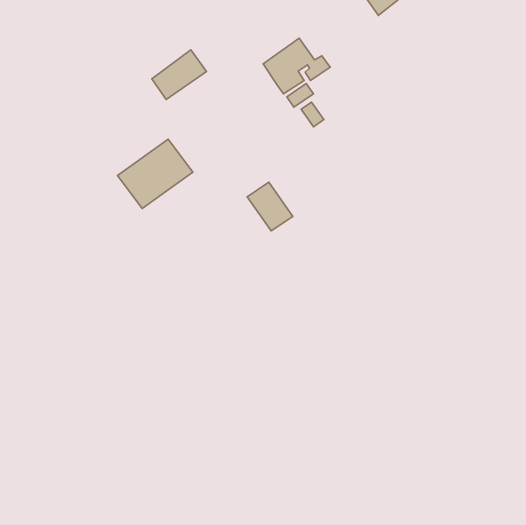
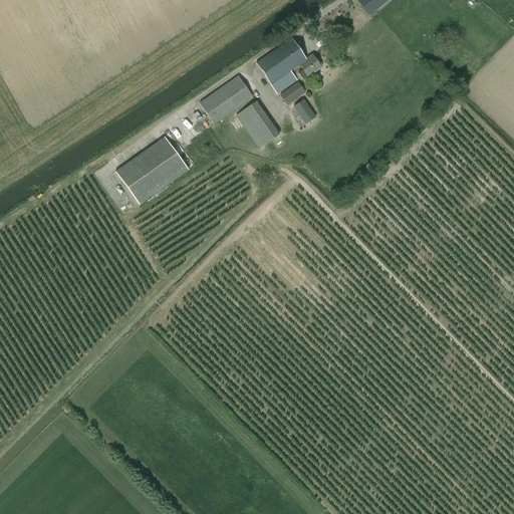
building: [152,50,206,99] -> [200,74,253,122]
building: [247,182,293,231] -> [236,100,280,148]

